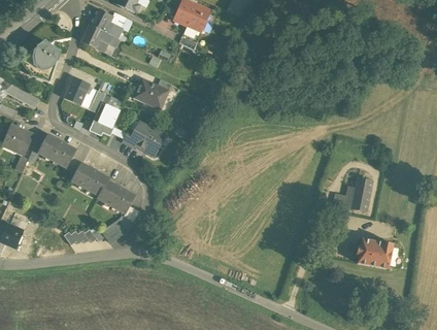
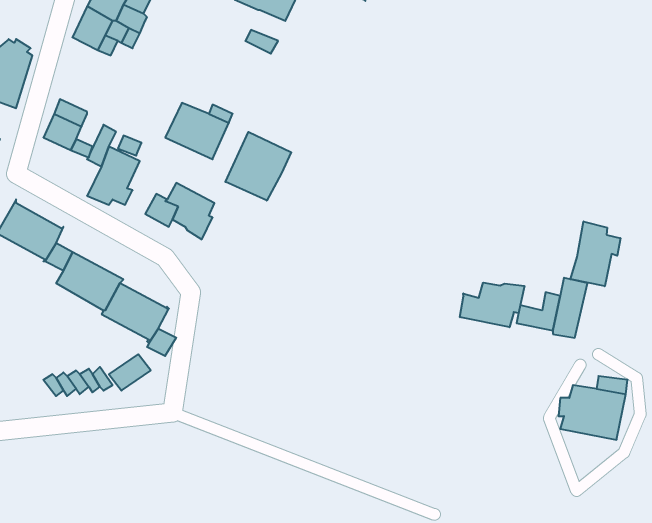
building: none -> [225,132,291,201]
building: none -> [570,221,620,286]
building: none -> [460,283,524,327]

